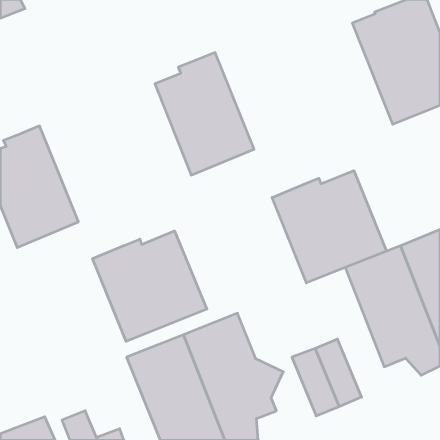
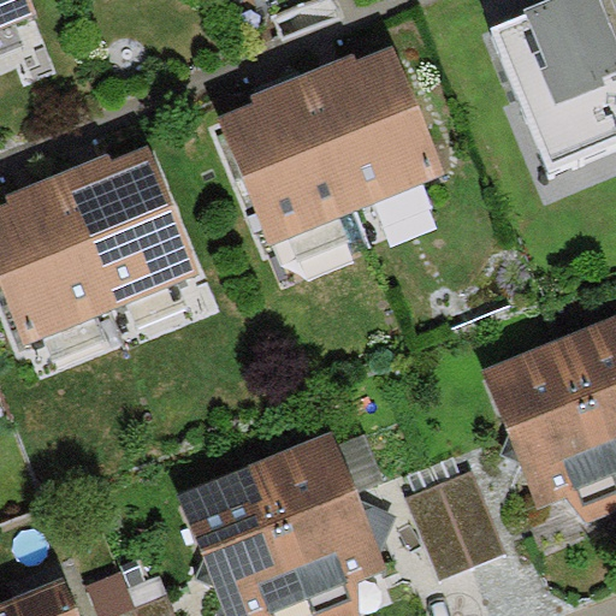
building: none -> [301,45,442,208]
building: none -> [55,147,200,309]
building: [272,171,387,283] -> none
building: [93,231,207,341] -> none

